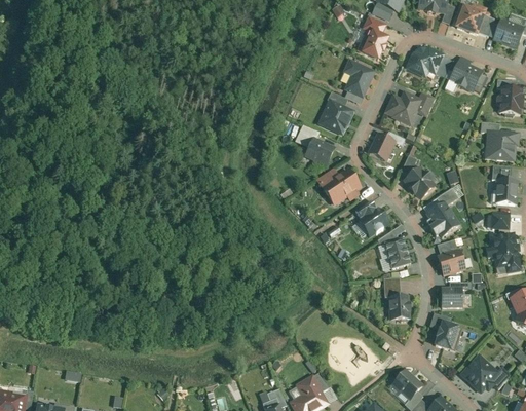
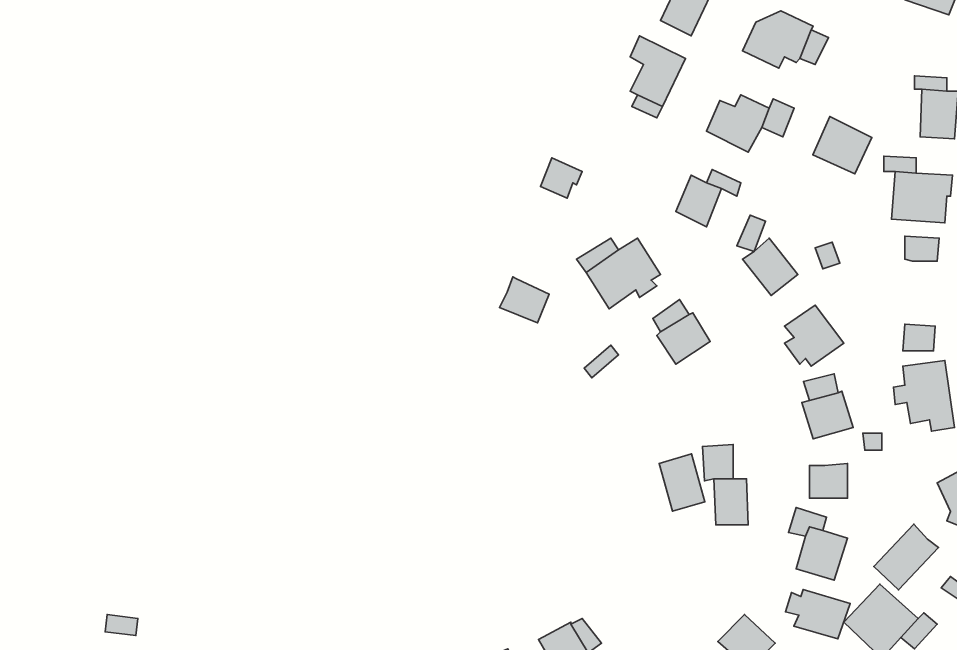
building: [449,59,481,89] -> [813,117,872,174]
building: [318,101,352,134] -> none
building: [306,138,333,162] -> [499,277,549,323]
building: [495,180,516,203] -> none
building: [384,238,409,269] -> [659,454,705,511]
building: none -> [874,524,938,590]
building: none -> [785,589,850,639]

